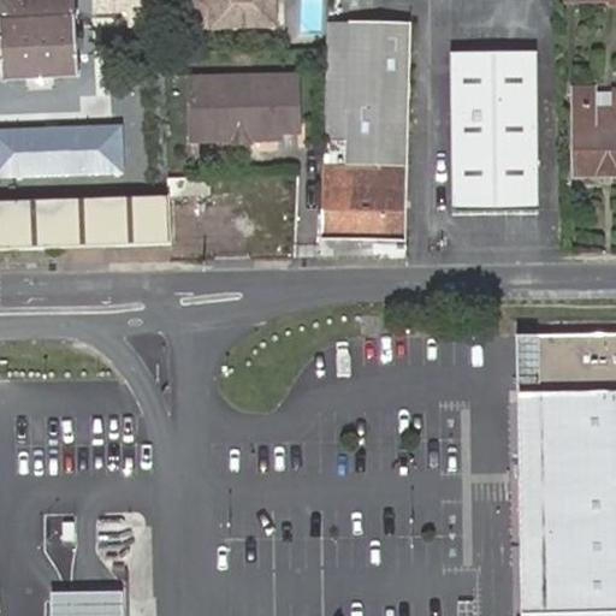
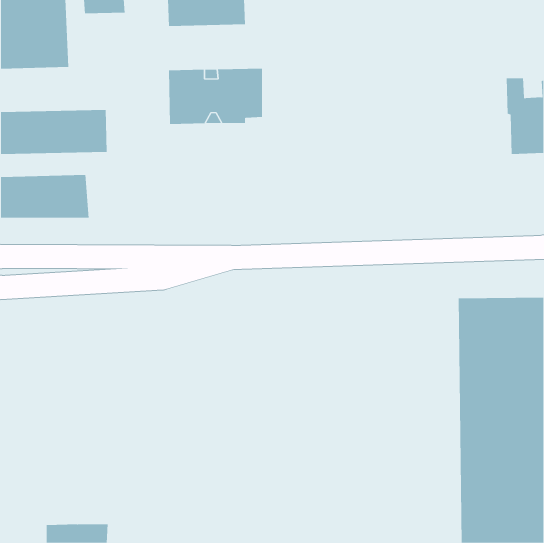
building: [324,16,413,237] -> none
building: [450,49,539,208] -> none
building: [97,195,172,247] -> none

